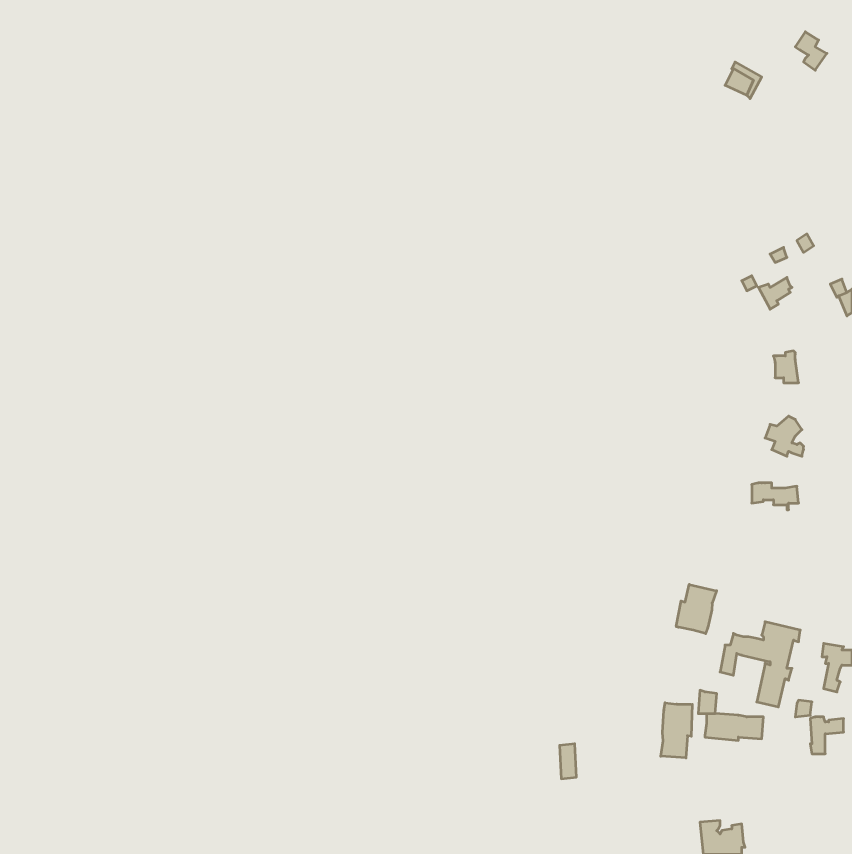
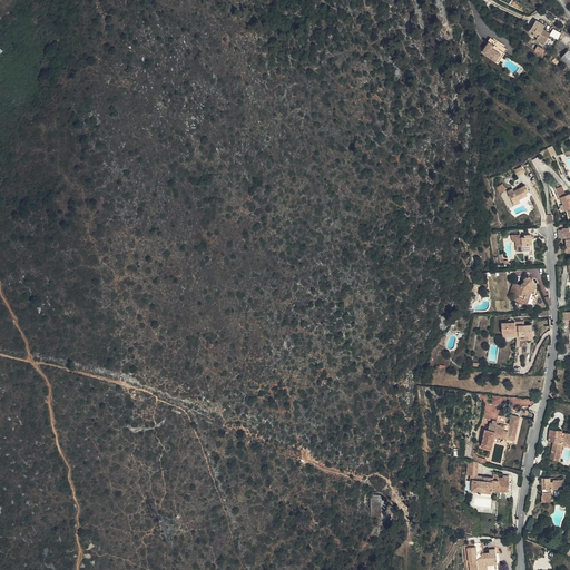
building: [676,584,717,634] -> none
building: [661,703,692,758] -> none

